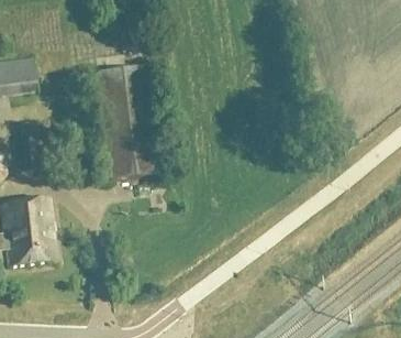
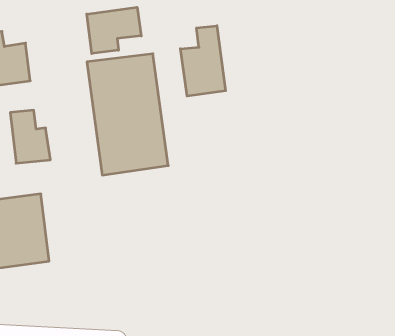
building: none -> [87,7,141,54]
building: none -> [180,26,226,96]

